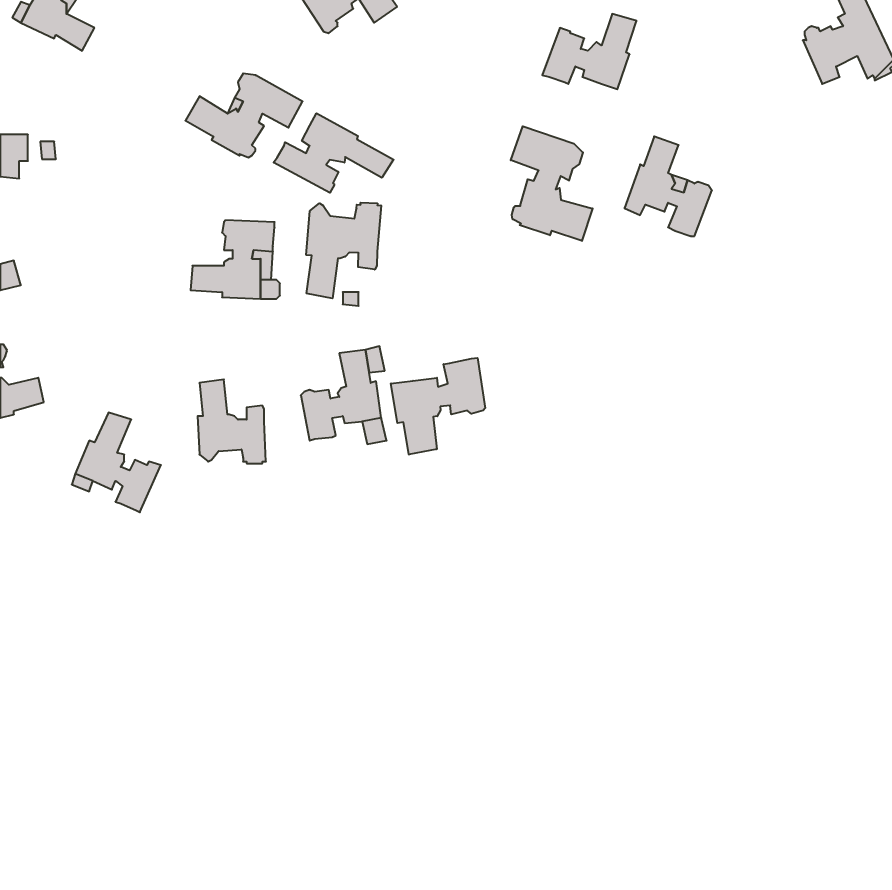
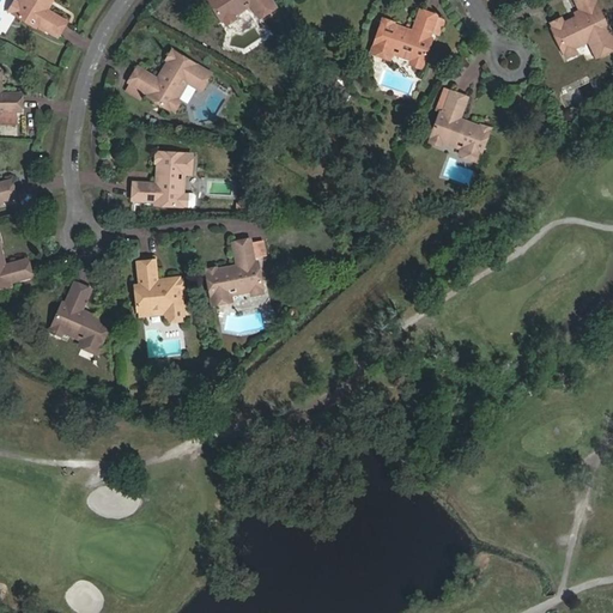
building: [274,113,394,193] -> none
building: [511,126,593,241] -> none
building: [306,203,381,298] -> none
building: [391,358,485,455] -> none

